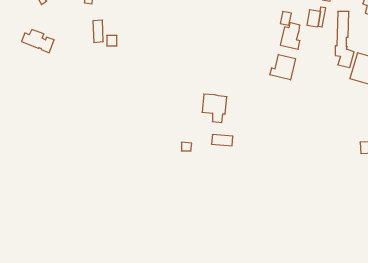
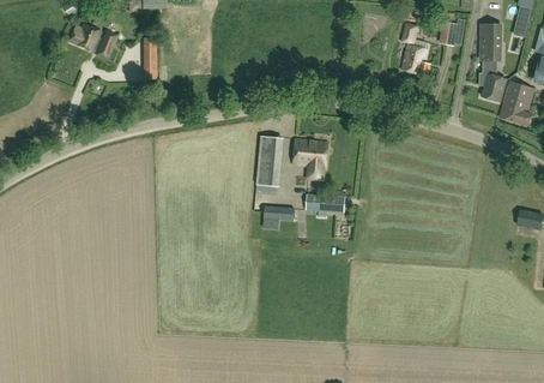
building: [22,30,54,53] -> [68,25,114,58]
building: [270,54,296,80] -> none
building: none -> [255,136,279,192]

